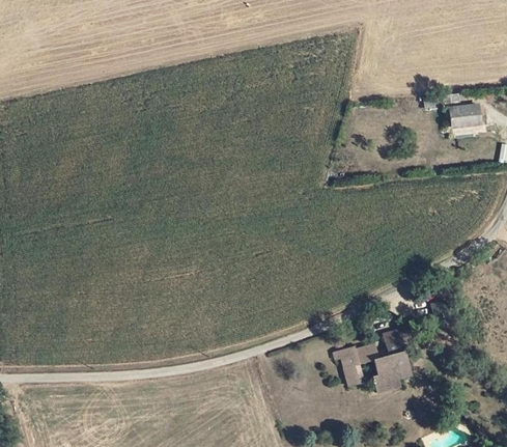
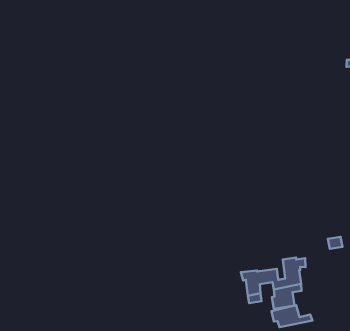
building: none -> [272,305,312,327]

